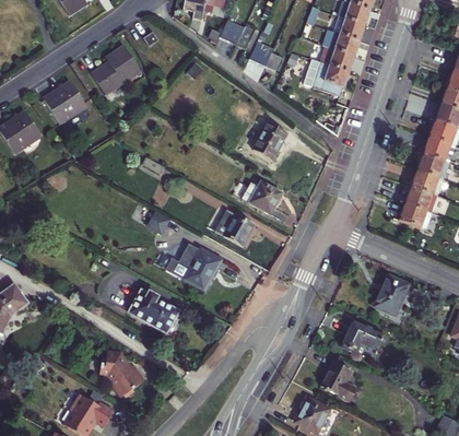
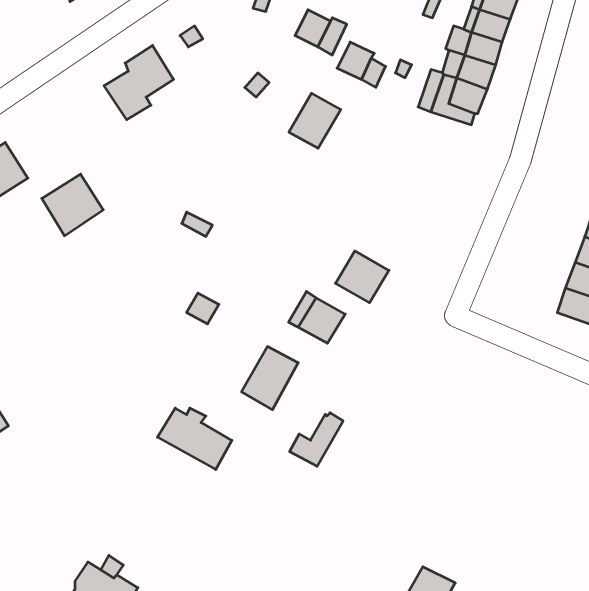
building: [43,81,84,122] -> [42,174,103,236]
building: [251,122,286,160] -> [289,93,341,148]
building: [165,241,201,278] -> [290,413,343,466]
building: [375,279,405,313] -> none
building: [341,318,382,350] -> none
building: [98,350,144,398] -> none
building: [319,361,355,400] -> none

